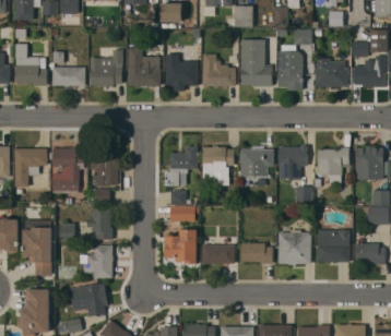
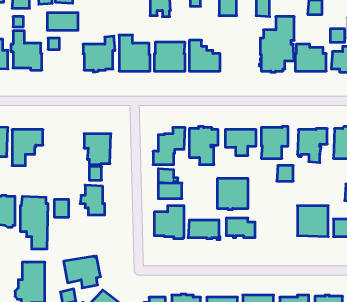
building: [240,39,272,86] -> none
building: [52,67,85,85] -> [47,13,78,30]
building: [52,146,84,190] -> none
building: [277,231,310,264] -> [217,179,248,209]
building: [83,244,112,277] -> none

